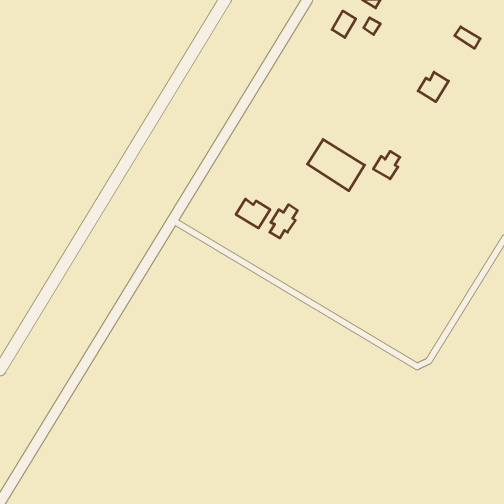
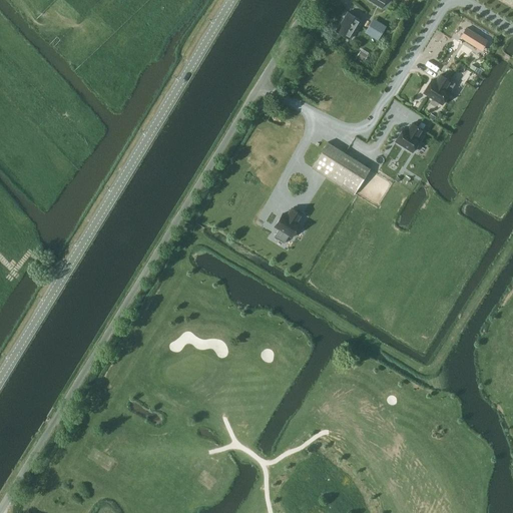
building: [373,151,400,179] -> [397,122,424,150]
building: [236,199,270,228] -> none

